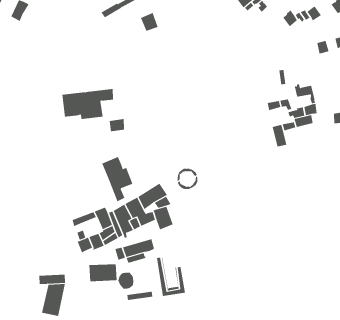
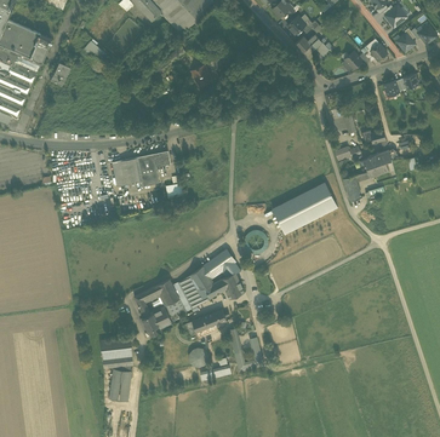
building: none -> [272,182,336,232]
building: [101,156,133,202] -> none
building: [88,264,117,282] -> [99,337,132,358]

